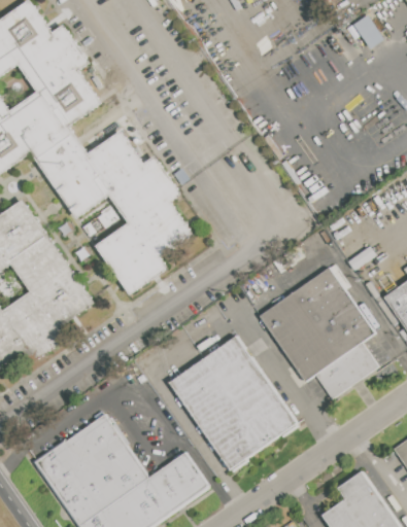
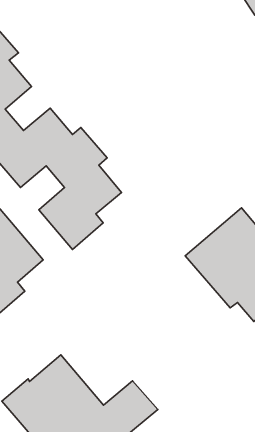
building: [169,336,299,472] -> none

